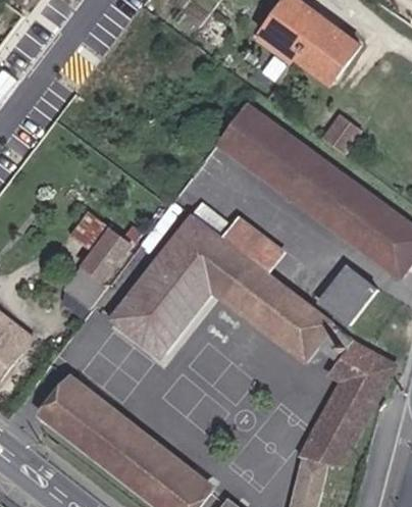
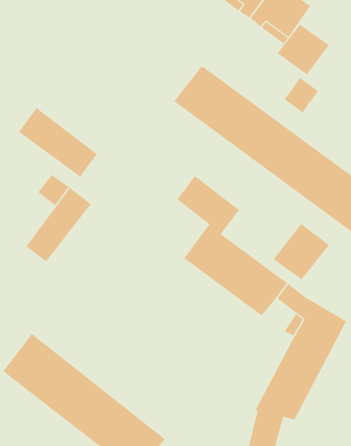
building: none -> [277,24,330,75]
building: none -> [18,107,98,177]
building: [116,205,252,352] -> none

